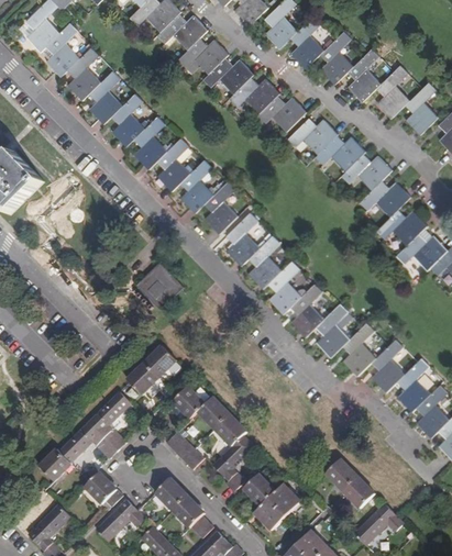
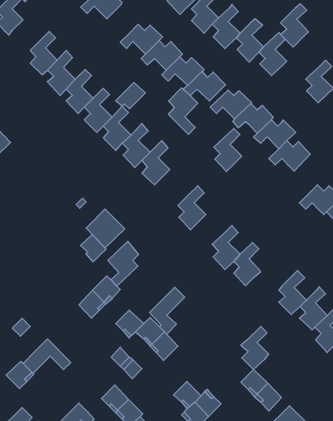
building: [156,13,207,49] -> none
building: [45,22,79,76] -> none
building: [375,65,409,118] -> [281,4,308,47]
building: none -> [116,83,145,109]
building: none -> [168,88,198,134]
building: [375,209,426,245] -> none
building: [225,212,260,265] -> [214,128,242,172]
building: [267,260,301,313] -> none
building: none -> [81,234,106,262]
building: none -> [108,241,138,286]
building: [341,322,375,375] -> [241,326,269,370]
building: [88,390,130,449] -> none
building: [212,434,255,491] -> [150,287,185,334]
building: [82,471,122,507] -> none

